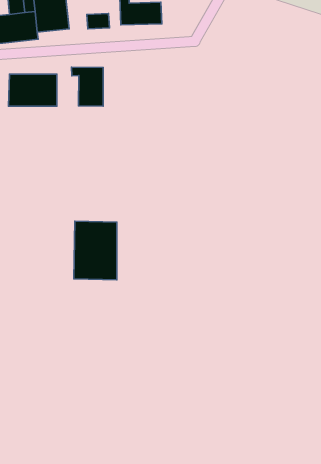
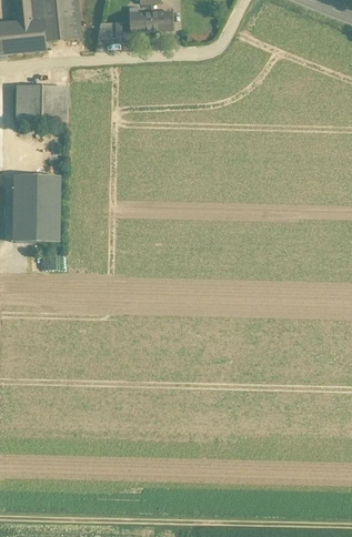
building: [72,67,103,106] -> none
building: [74,221,117,280] -> [12,175,59,239]

